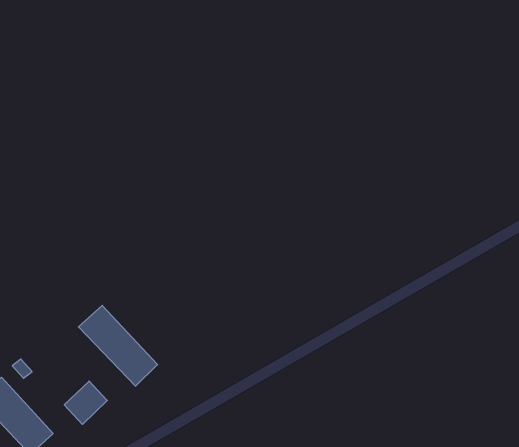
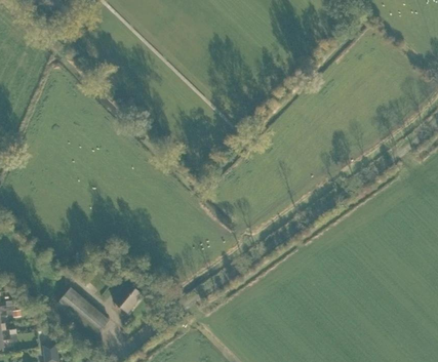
building: [78,305,158,386] -> none

